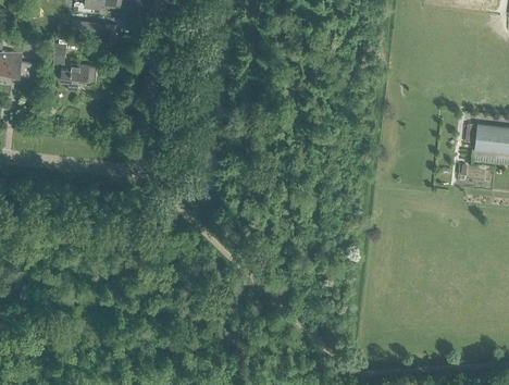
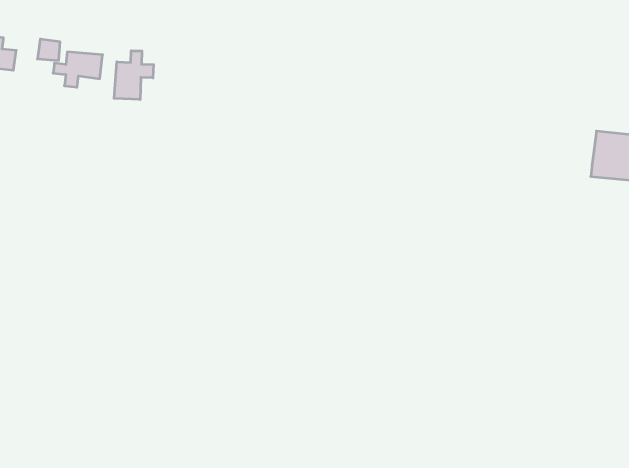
building: none -> [114,51,154,100]

